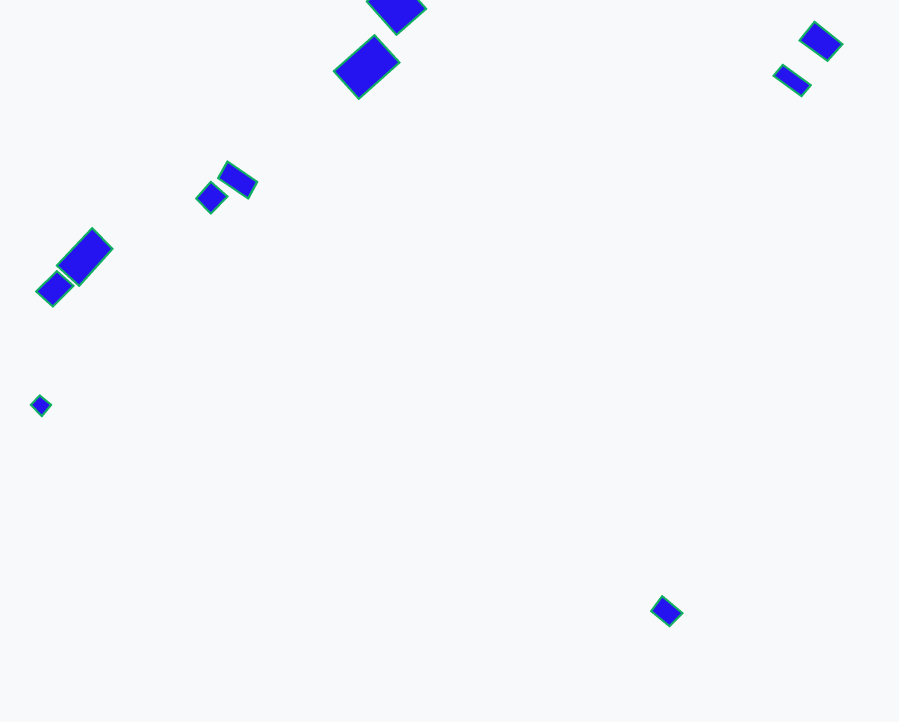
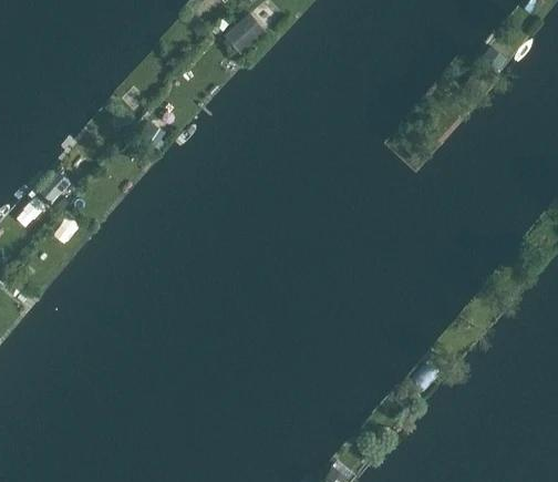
building: [334,35,399,99] -> none

